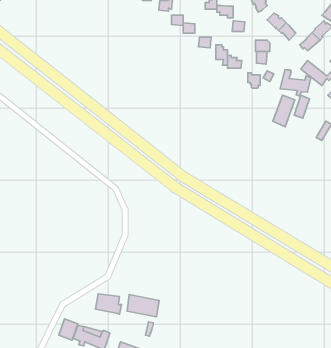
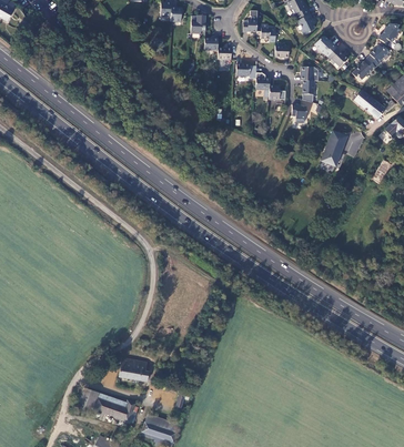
building: [280,70,311,96] -> none
building: [127,295,159,317] -> none

